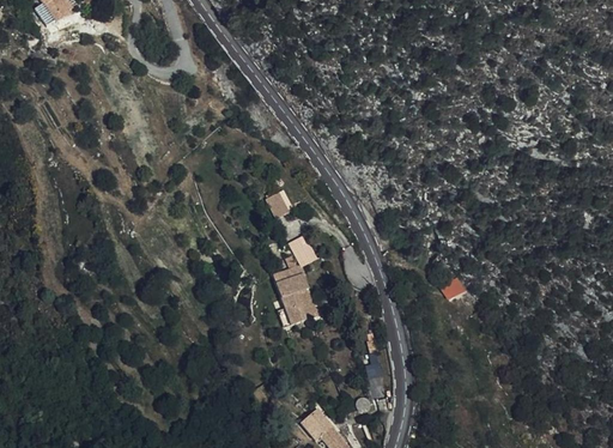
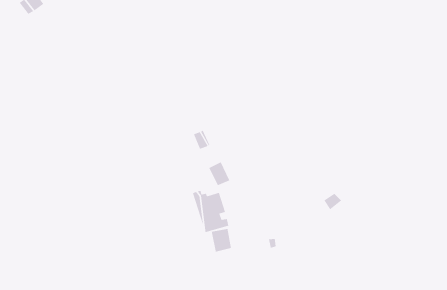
building: none -> [211,228,232,252]

